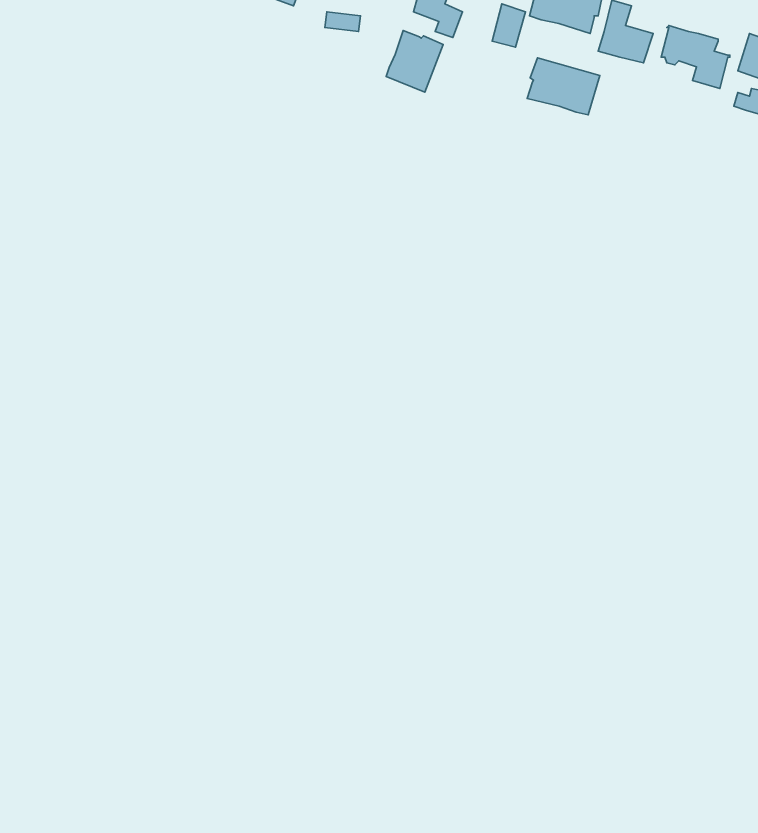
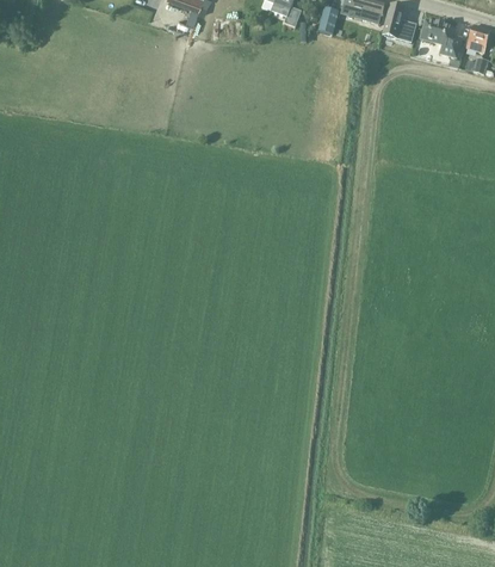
building: [386,30,443,92] -> none
building: [527,58,600,115] -> none

